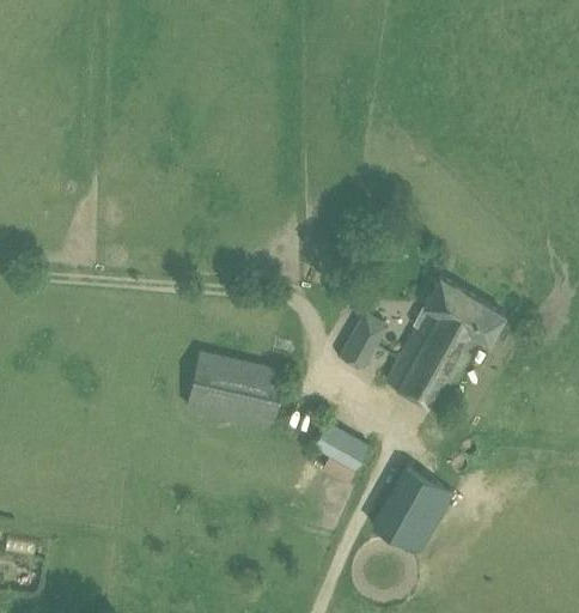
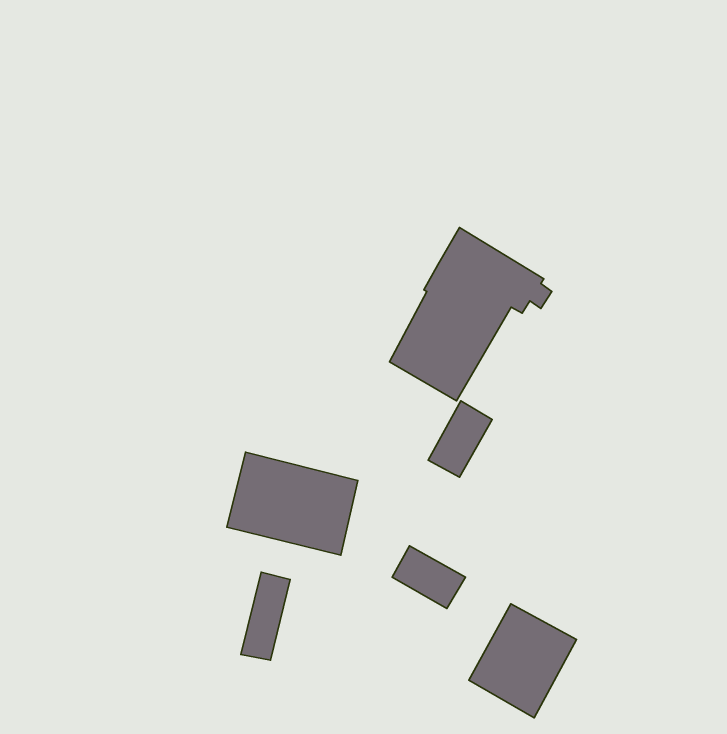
building: [385,278,510,411] -> [389,227,552,401]
building: none -> [241,572,290,660]

